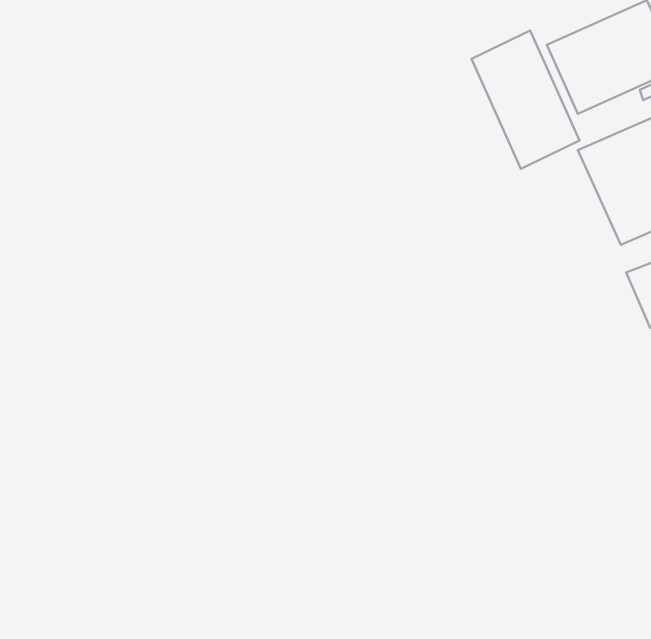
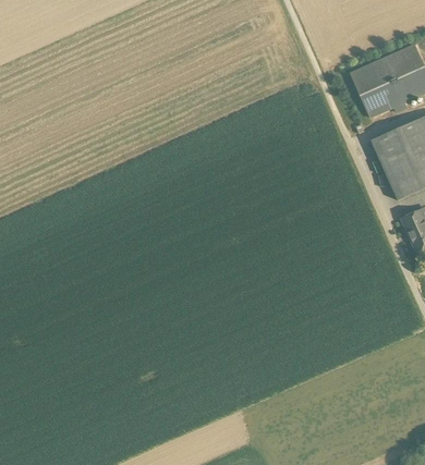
building: [471,31,580,169] -> none

